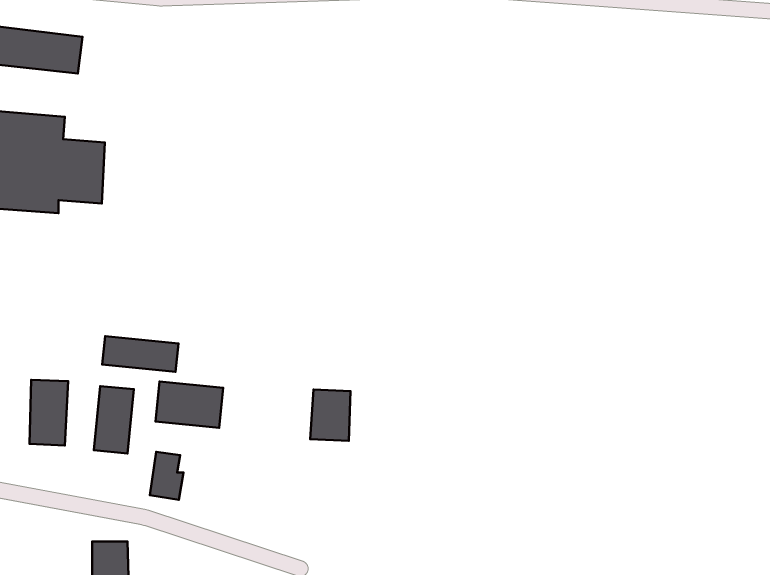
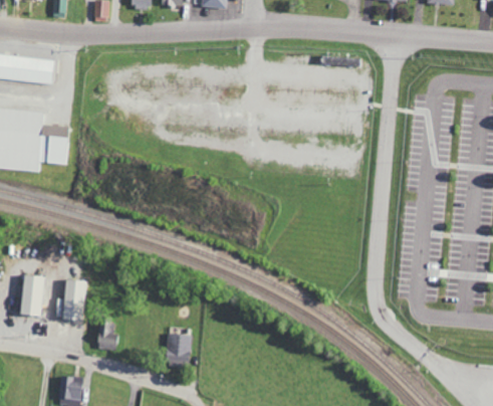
building: [102,336,178,372] -> none
building: [155,381,223,428] -> none
building: [310,390,350,441] -> [166,333,191,365]

